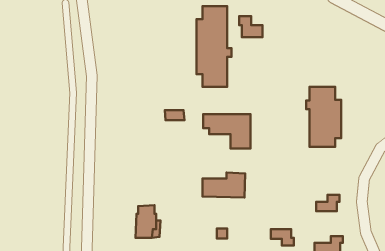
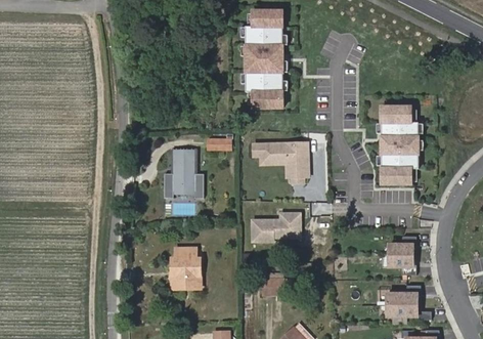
building: [239,16,262,37] -> none
building: none -> [164,151,200,198]
building: [271,229,294,246] -> [388,256,415,276]

